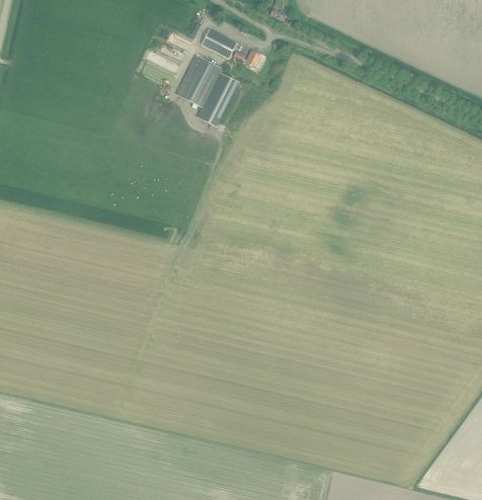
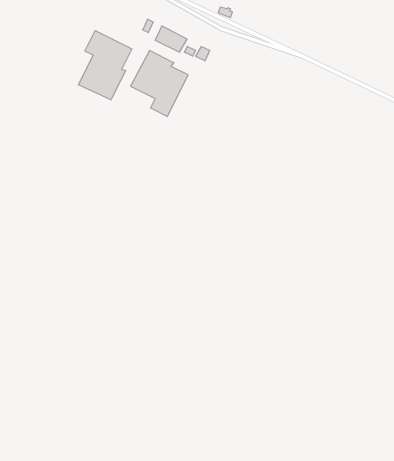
building: none -> [79,31,132,100]

